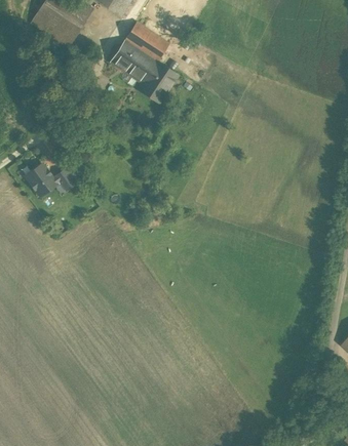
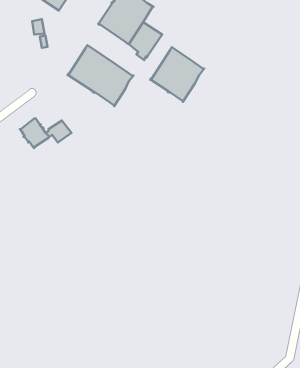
building: none -> [68,45,134,106]
building: none -> [150,47,204,102]

